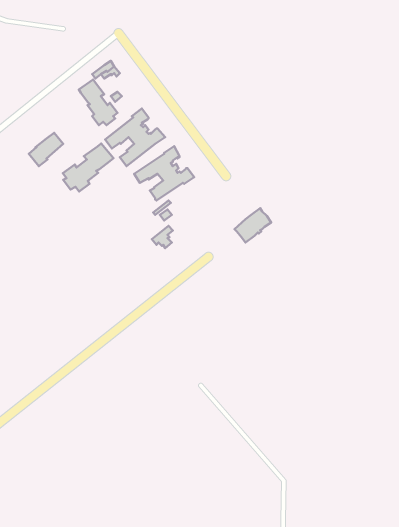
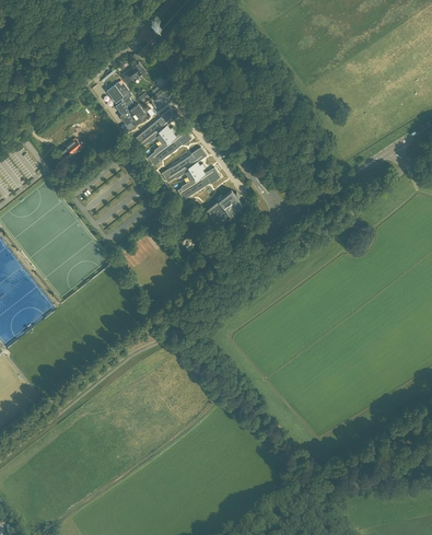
building: [63,143,113,192] -> none
building: [235,208,271,242] -> [206,190,242,224]

